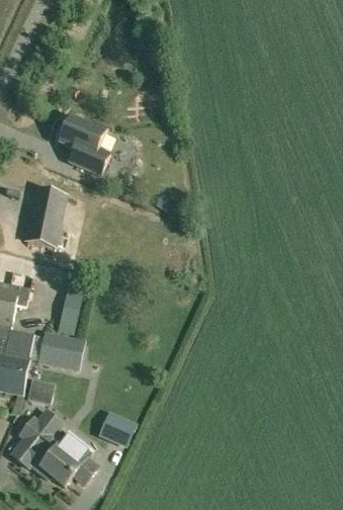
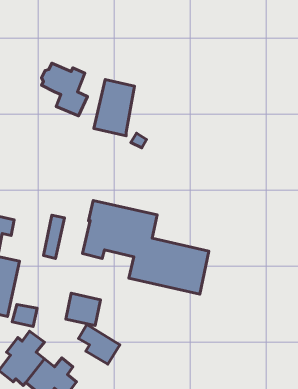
building: [22,186,67,248] -> [94,80,134,136]
building: none -> [82,200,209,294]
building: [38,334,77,369] -> [66,293,101,325]

